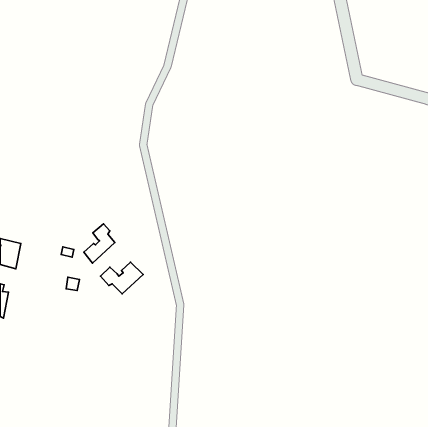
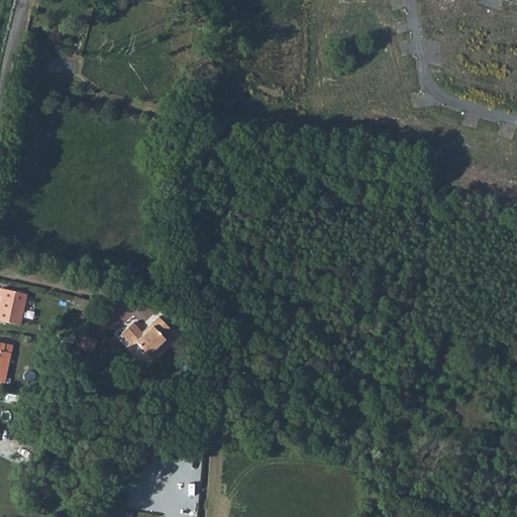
building: [84,224,115,263] -> none

